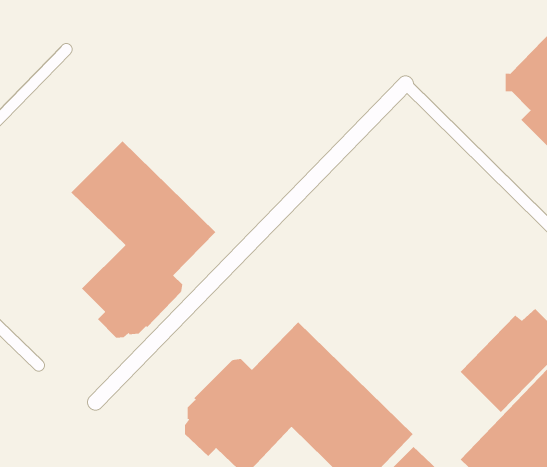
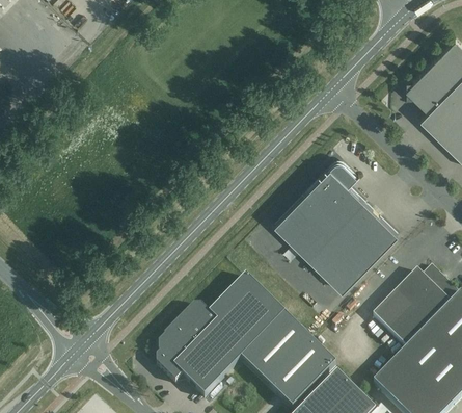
building: [71,140,216,338] -> none
building: none -> [274,161,398,290]

